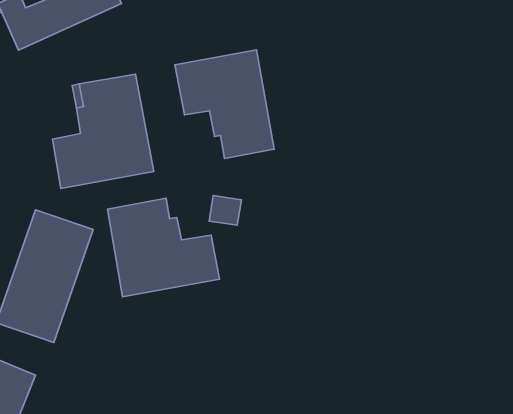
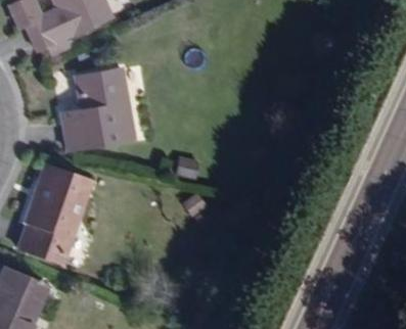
building: [175,50,274,158] -> none
building: [107,198,220,297] -> none

